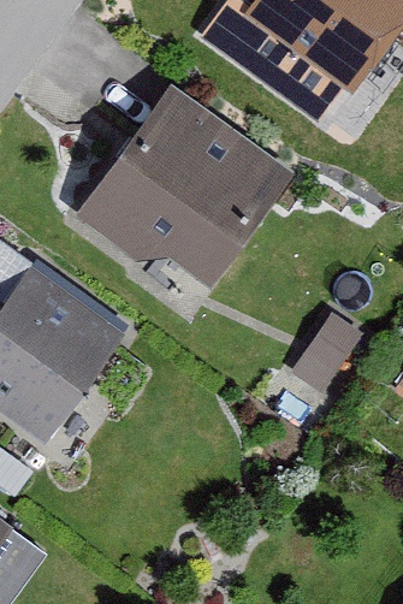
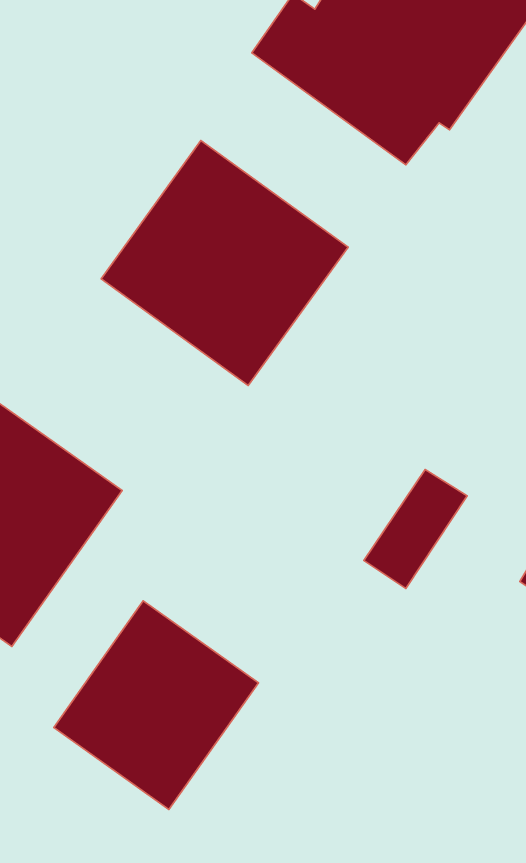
building: none -> [54,601,258,809]

